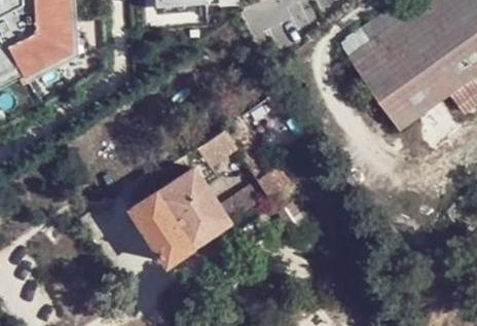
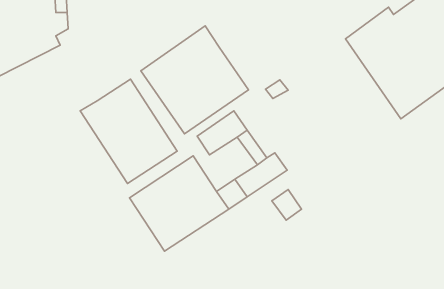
building: none -> [141,26,249,134]
building: none -> [80,79,177,184]

